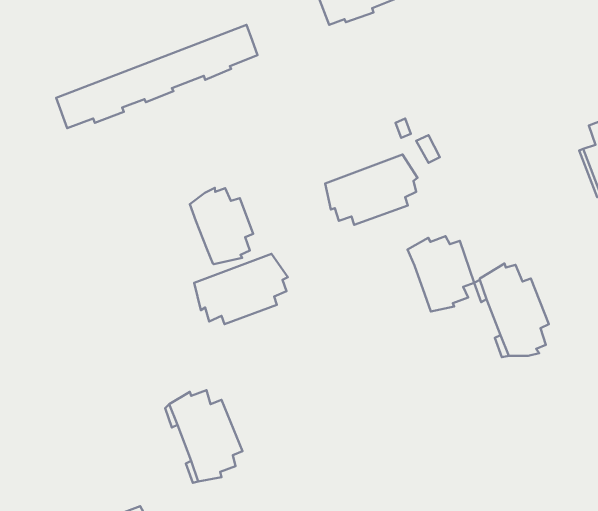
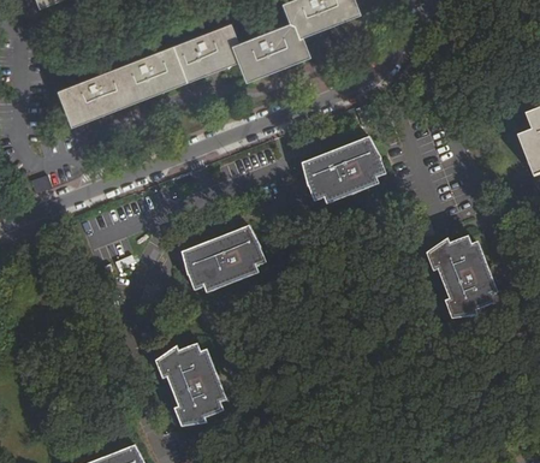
building: none -> [233,18,305,72]
building: [190,188,253,264] -> none
building: [407,236,474,312] -> none

